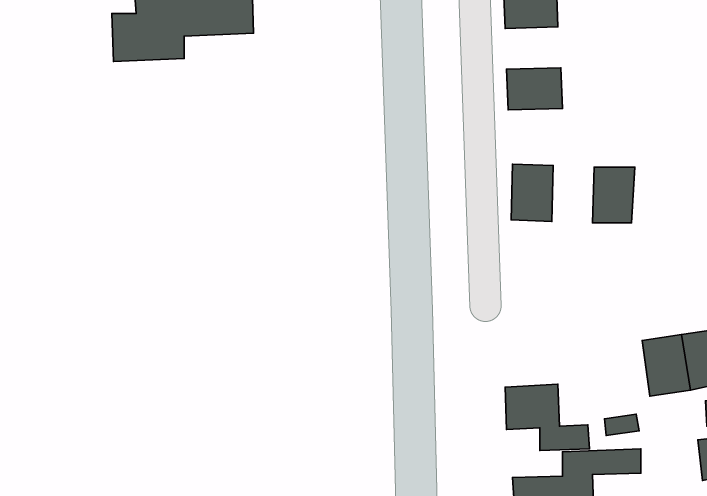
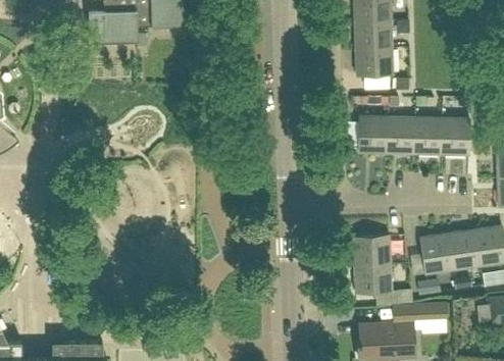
building: none -> [354,20,392,49]
building: none -> [386,114,414,153]
building: none -> [440,115,468,154]
building: none -> [419,233,452,273]
building: none -> [352,234,390,264]

